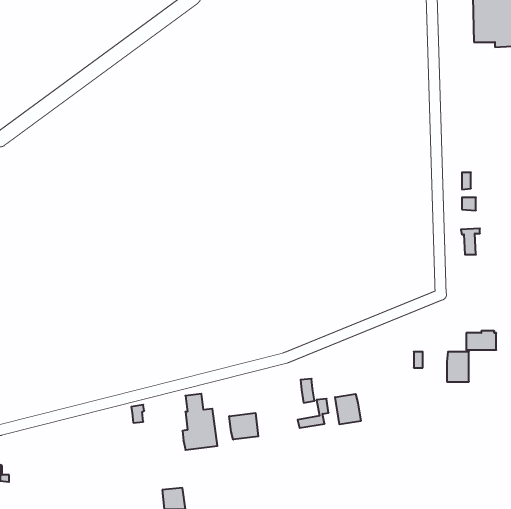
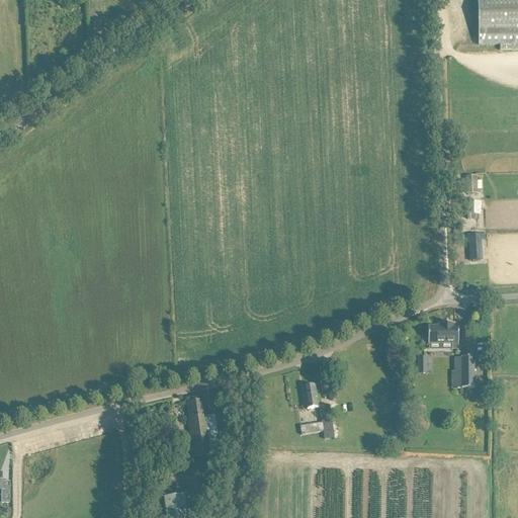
building: [466,331,496,350] -> [423,322,453,341]
building: [335,394,361,424] -> none
building: [229,413,258,440] -> none

